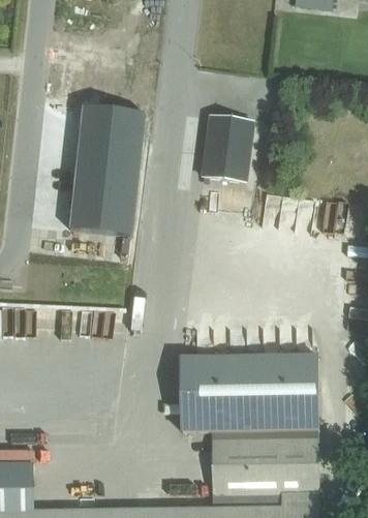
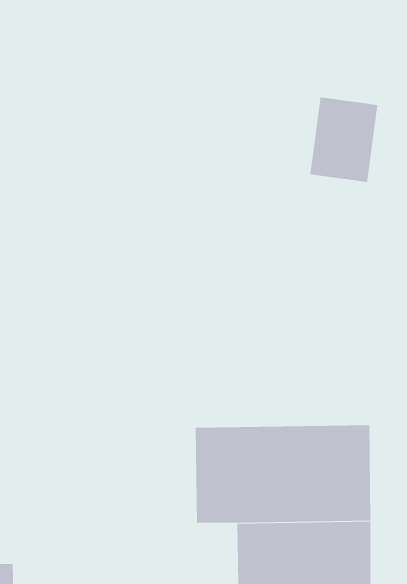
building: [70,105,146,235] -> none
building: [201,113,255,181] -> [310,97,378,182]

